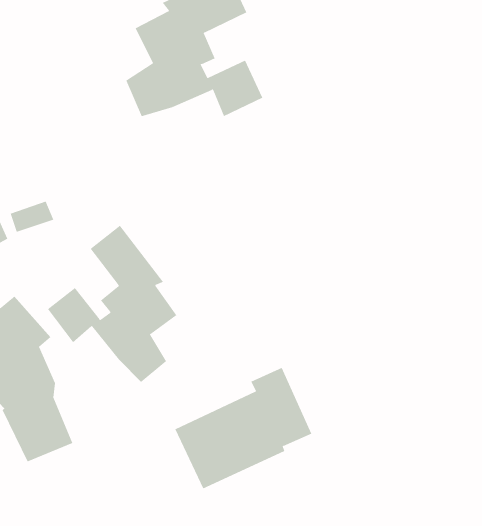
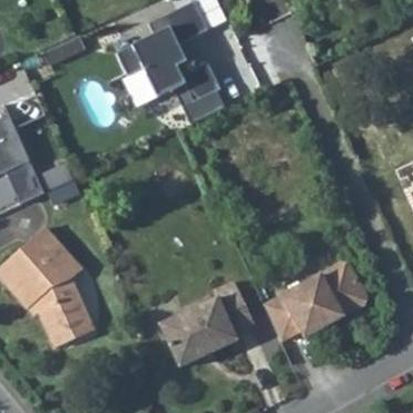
building: [47,225,177,383] -> none
building: none -> [264,263,365,341]

